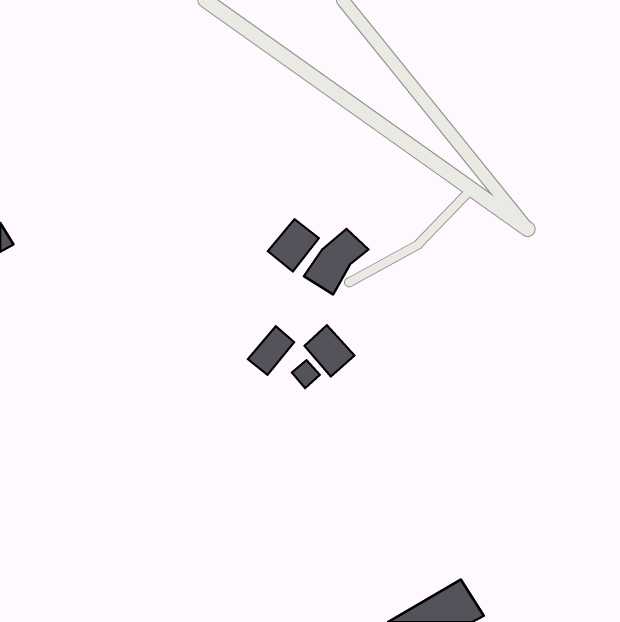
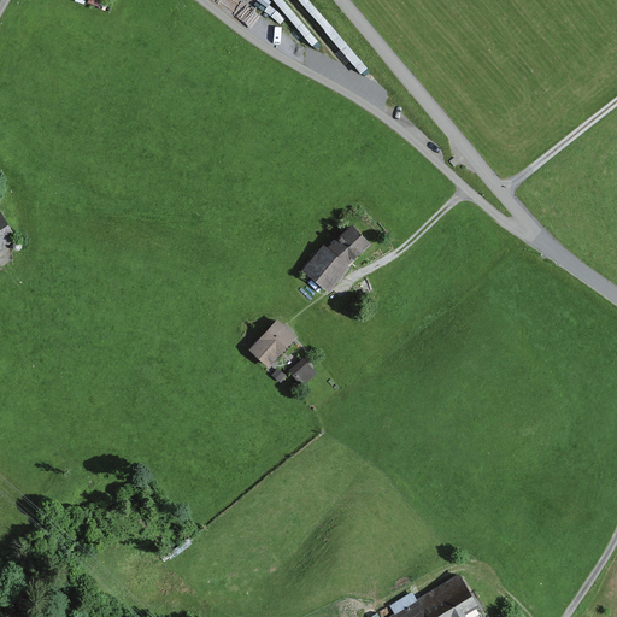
building: [268,219,319,271] -> none
building: [305,325,355,376] -> none

